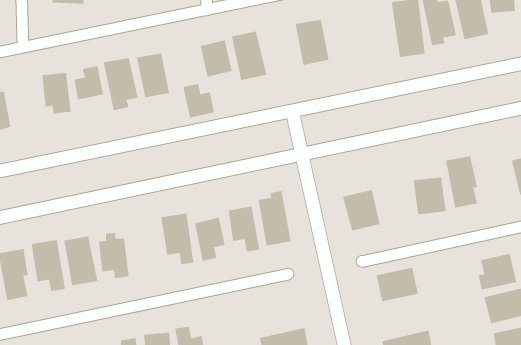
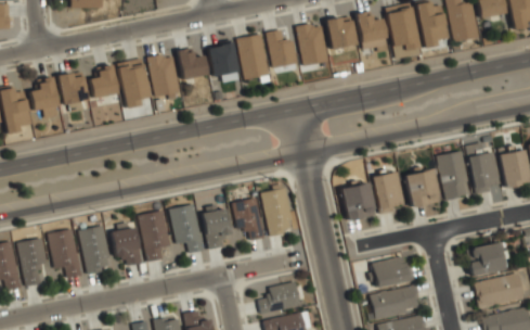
building: none -> [357,11,388,51]
building: none -> [326,15,357,50]
building: none -> [269,29,298,67]
building: none -> [30,78,61,118]
building: [183,83,215,118] -> [178,48,208,80]
building: none -> [468,152,502,192]
building: none -> [373,172,405,214]
building: none -> [140,211,171,262]
building: none -> [259,281,301,315]
building: none -> [372,288,421,317]

